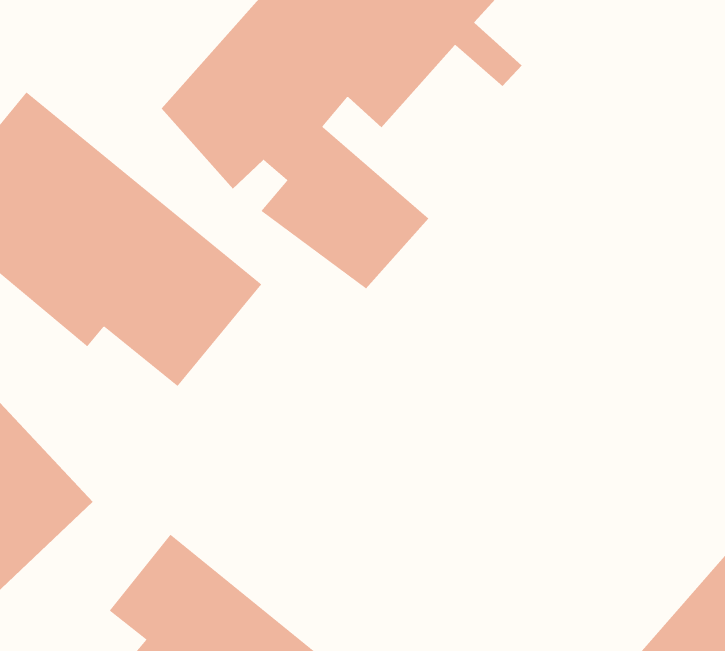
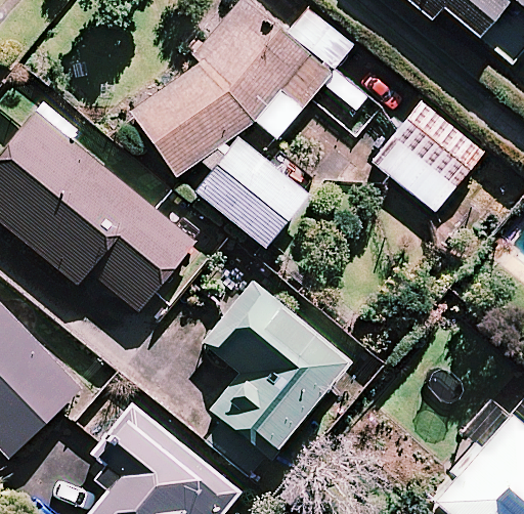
building: none -> [374,102,482,211]
building: none -> [206,287,346,460]

